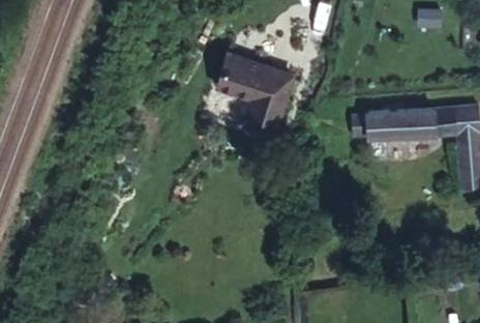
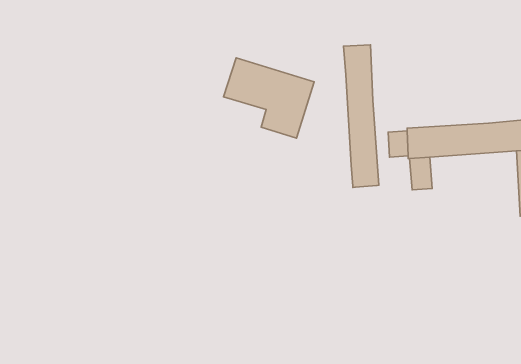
building: none -> [343,45,379,188]

